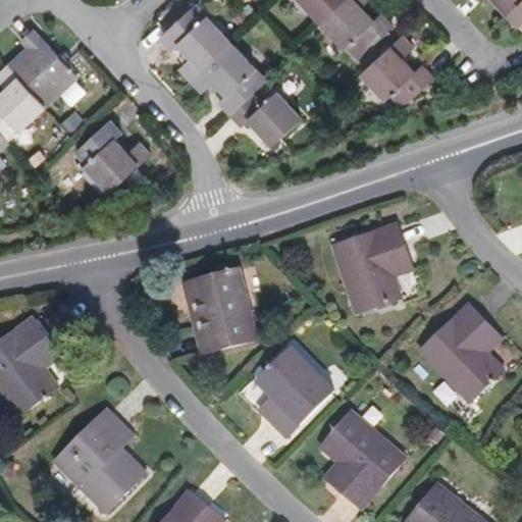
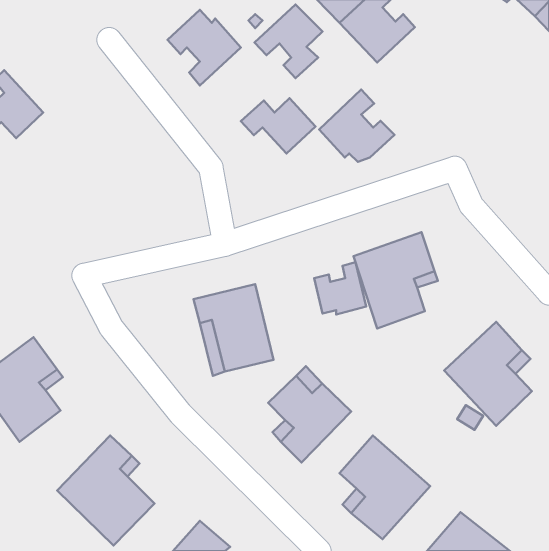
building: [4,29,73,106] -> none
building: [361,36,432,104] -> [319,90,395,162]
building: [189,45,253,114] -> [254,5,323,78]
building: [88,118,152,190] -> none
building: none -> [314,262,366,314]

